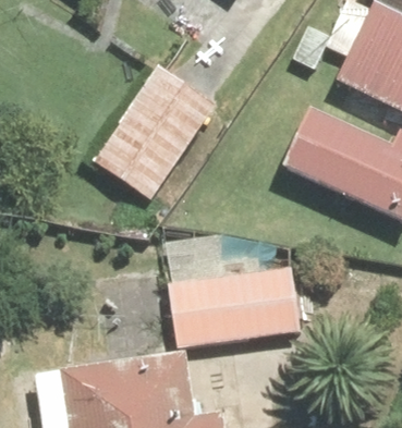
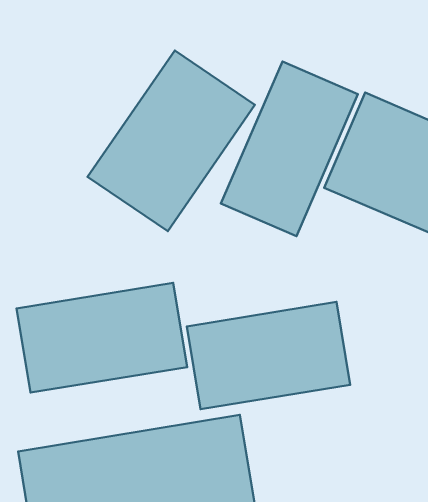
building: none -> [221,61,358,236]
building: none -> [17,283,187,393]

